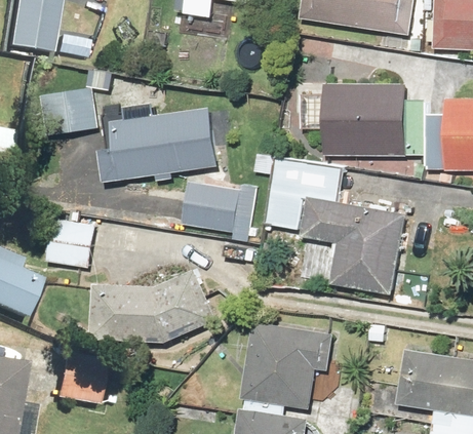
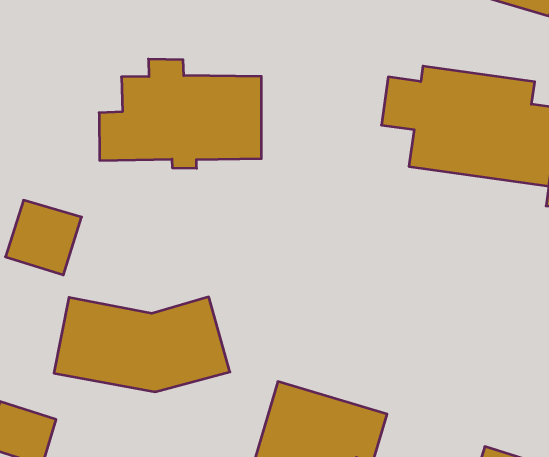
building: [37,87,97,135] -> none
building: [265,157,406,294] -> none
building: [181,181,257,233] -> none

